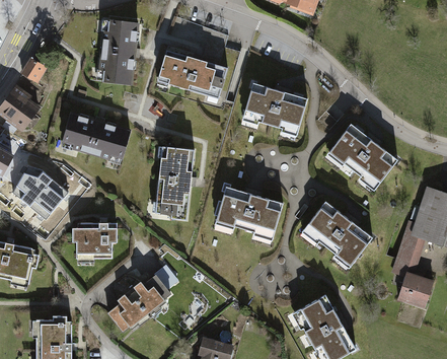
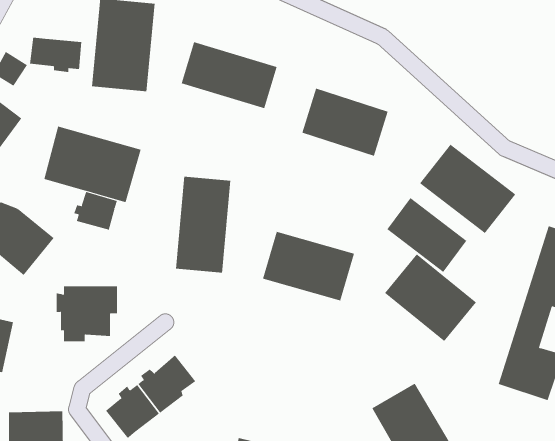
building: none -> [30,37,82,73]
building: none -> [74,191,118,230]
building: none -> [386,197,467,273]

